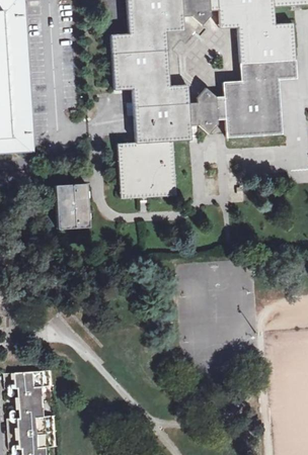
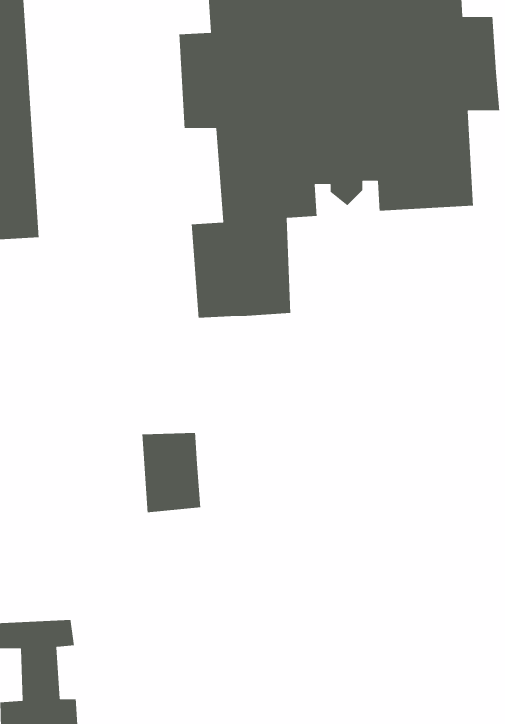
building: [55,182,89,229] -> [141,432,201,513]

